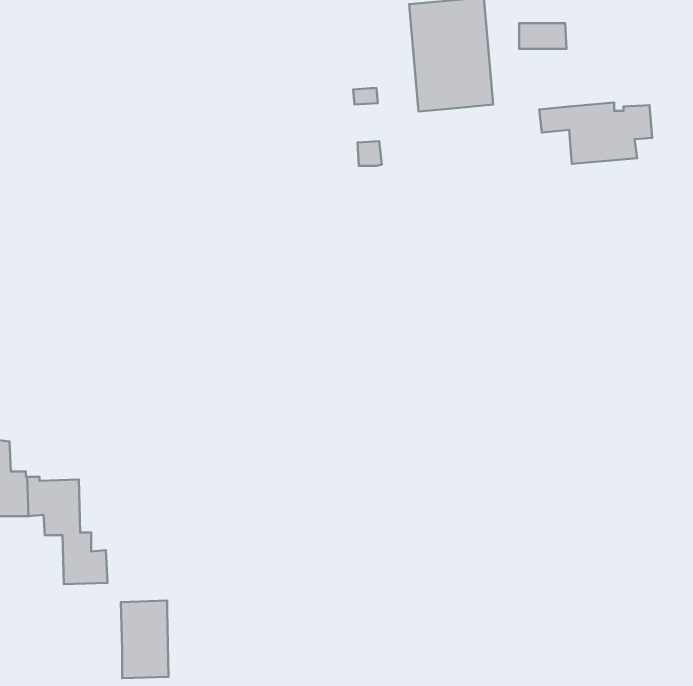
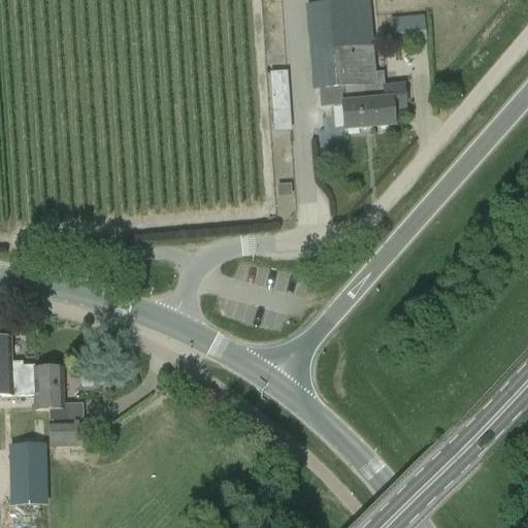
building: [539,103,652,164] -> [318,79,403,126]
building: [121,601,168,678] -> [10,441,46,500]

